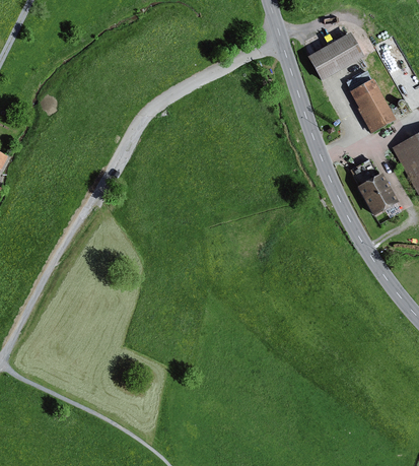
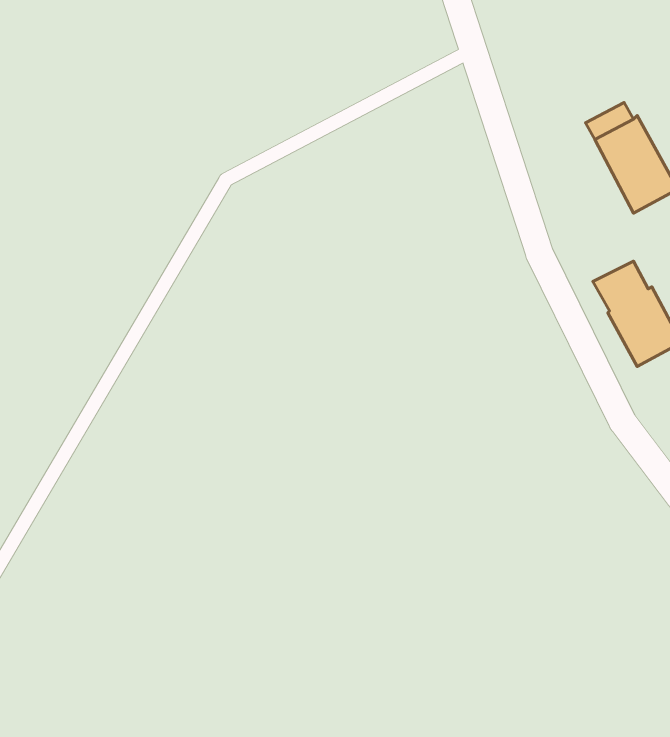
building: [307,35,363,82] -> none

